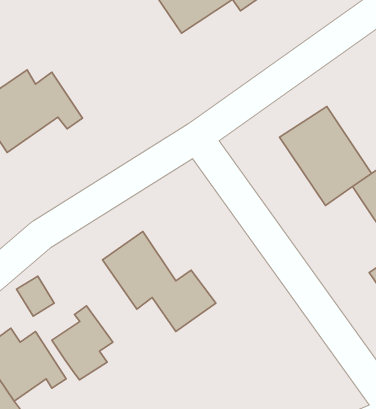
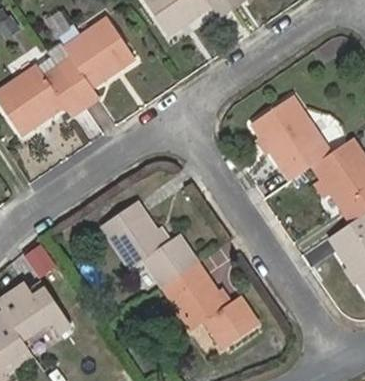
building: none -> [58,17,134,106]
building: none -> [163,263,257,347]
building: [52,306,113,380] -> none

